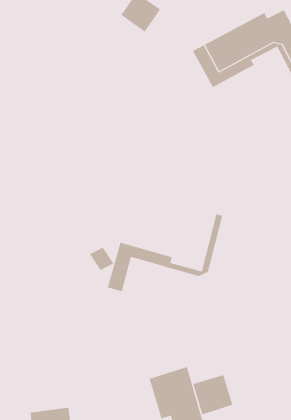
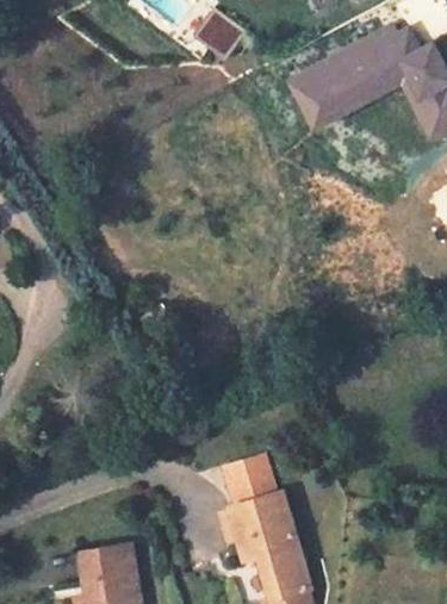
building: [107,214,223,292] -> none
building: [193,375,233,415] -> [225,453,278,505]

